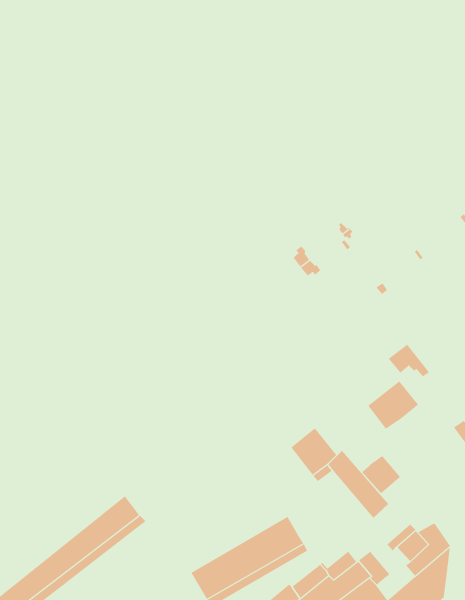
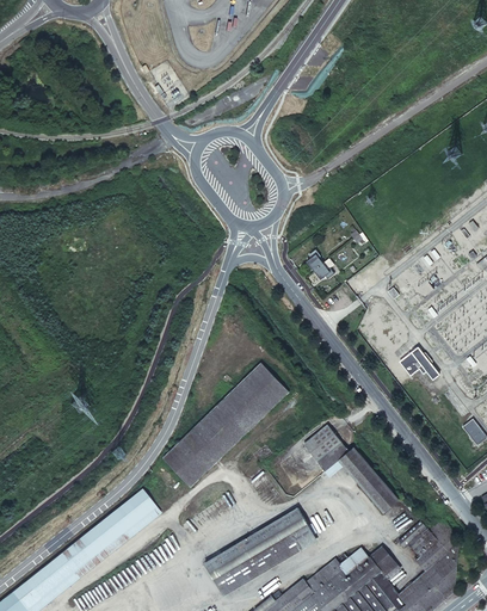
building: none -> [162,364,289,488]
building: [367,380,419,430] -> none
building: [361,455,401,494] -> none

